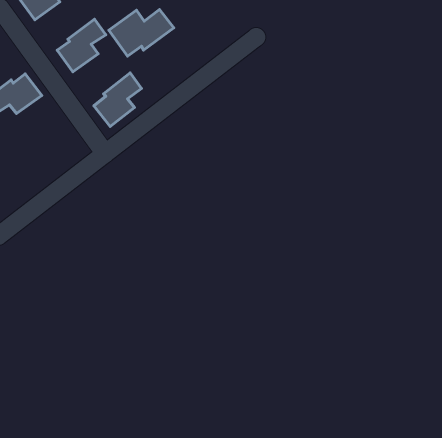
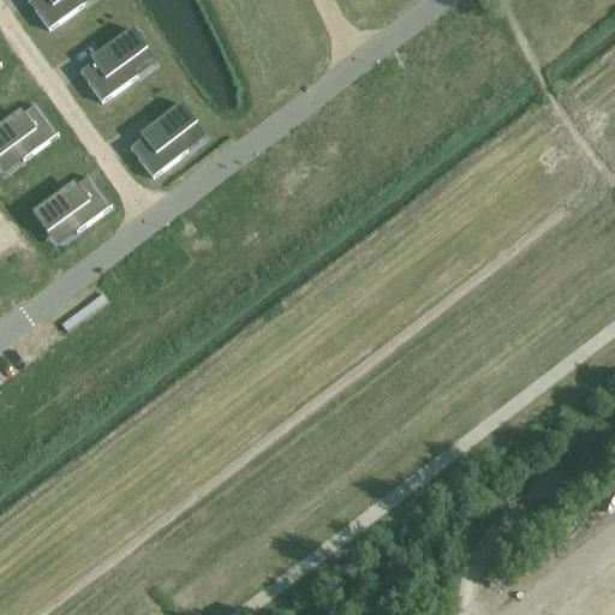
building: [109,9,174,56] -> none
building: none -> [32,174,111,231]

